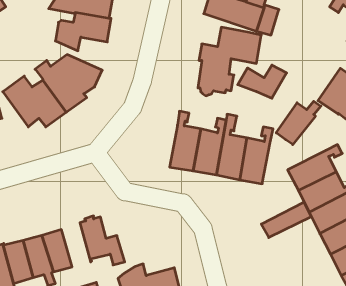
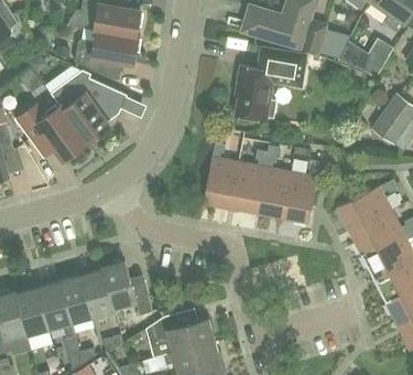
building: [238,65,287,98] -> [337,39,392,76]
building: [276,101,321,145] -> none
building: [261,202,311,238] -> none
building: none -> [80,267,113,317]

